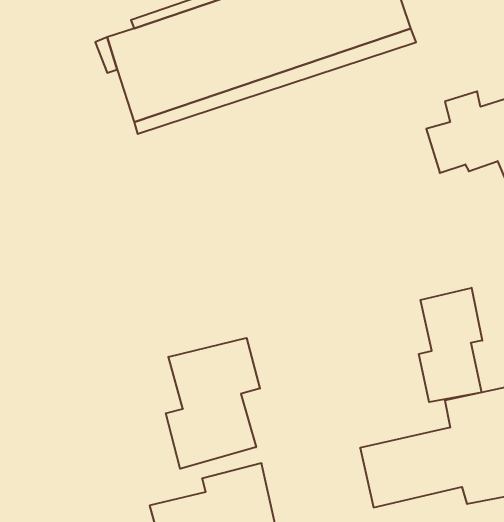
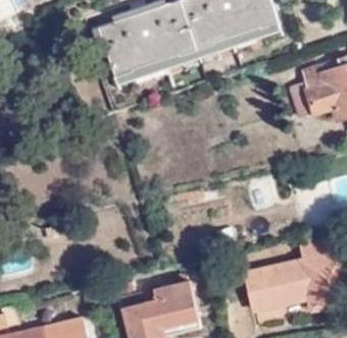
building: [419,288,482,402] -> none
building: [166,338,260,469] -> none

